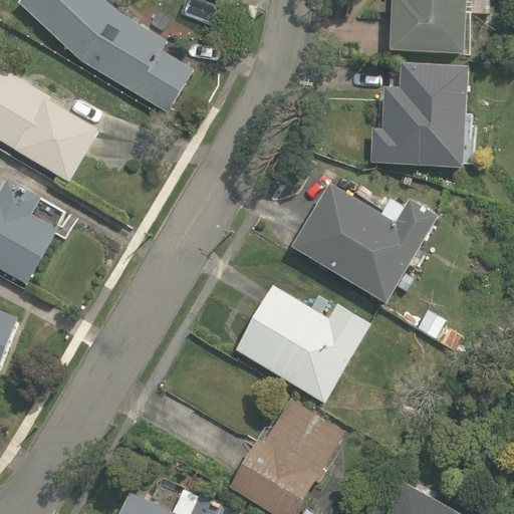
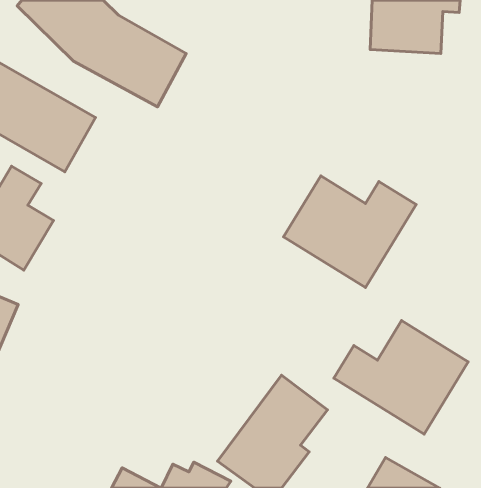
building: [366,60,469,169] -> none
building: [235,285,372,404] -> none
building: none -> [334,321,468,434]

